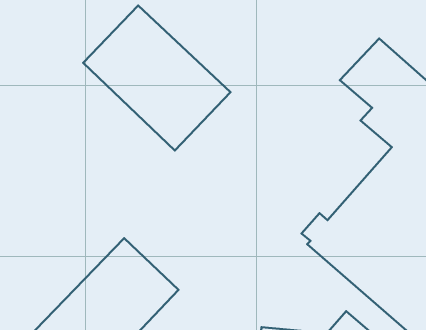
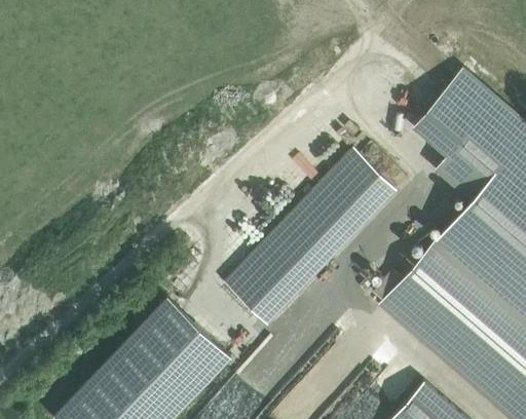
building: [83,5,231,151] -> none
building: none -> [224,147,398,325]

